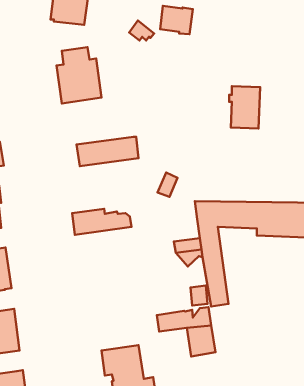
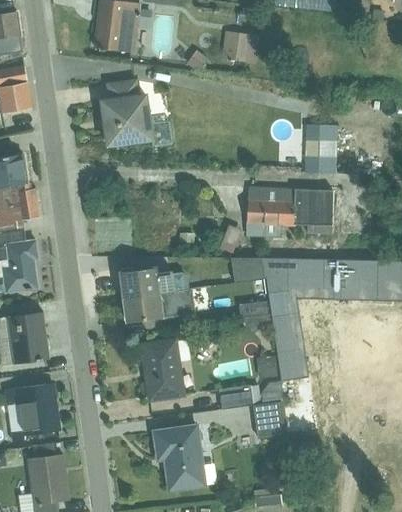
building: [76,137,139,166] -> [123,288,195,322]
building: none -> [246,187,333,238]
building: none -> [231,258,265,283]
building: none -> [142,339,186,400]

